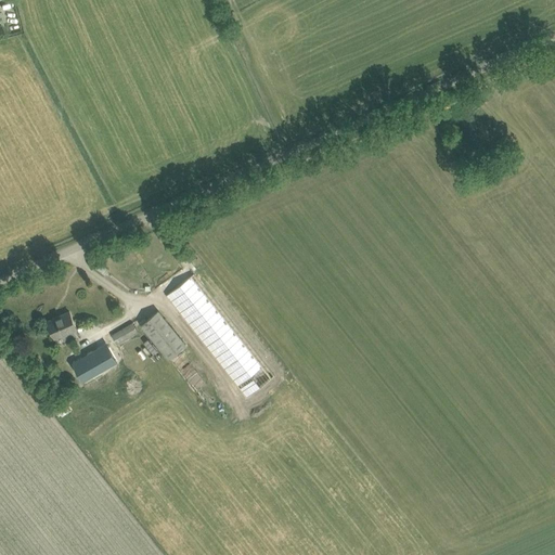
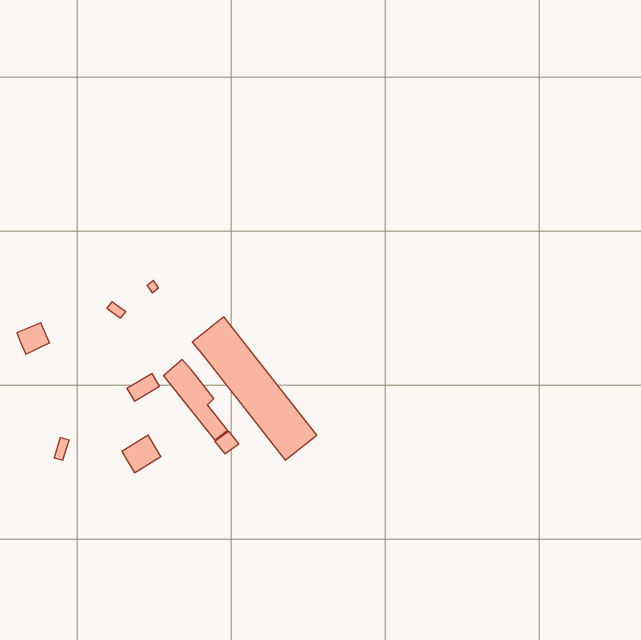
building: [48,313,76,340] -> [17,323,50,354]
building: [72,350,105,383] -> [122,435,161,473]

